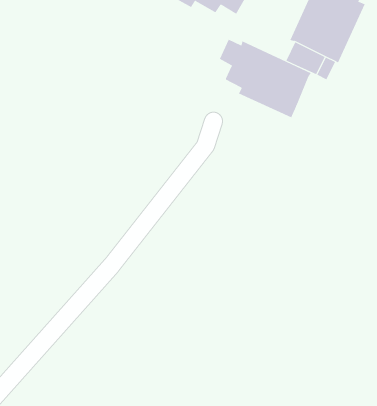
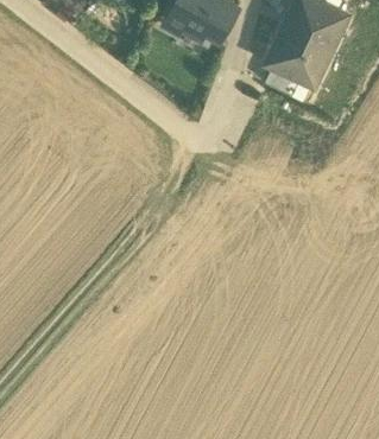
building: [219,39,312,118] -> none

